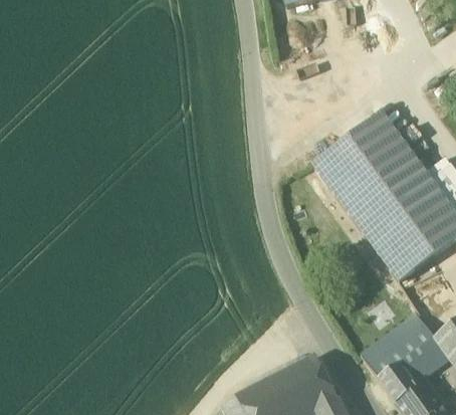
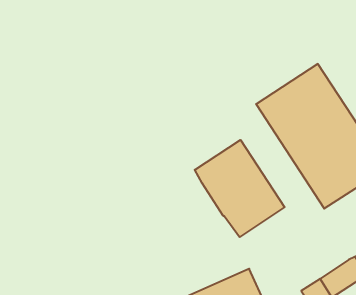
building: none -> [195,140,285,237]
building: [362,317,432,378] -> none

